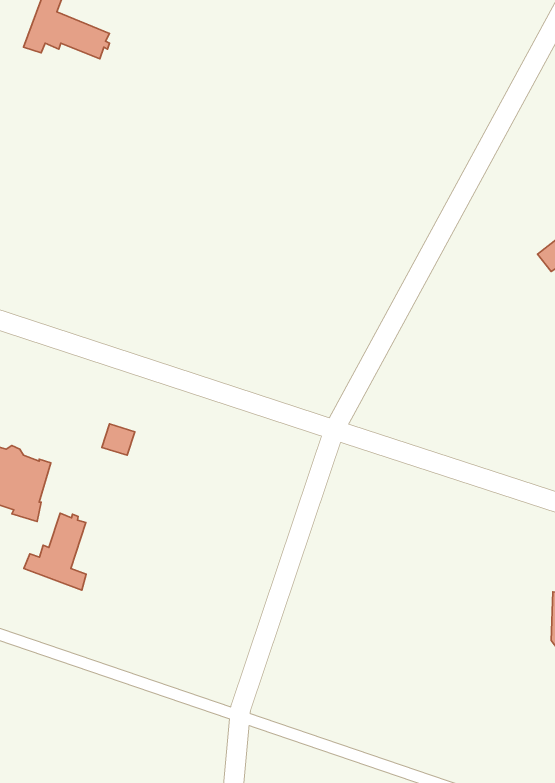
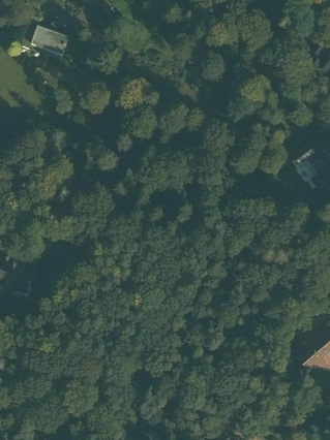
building: [24,513,86,590] -> none

